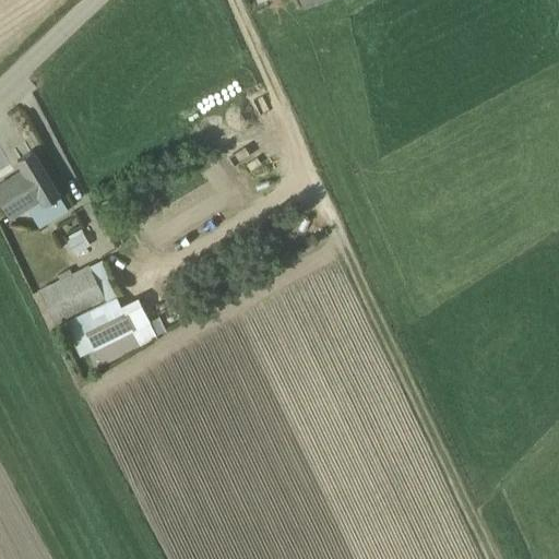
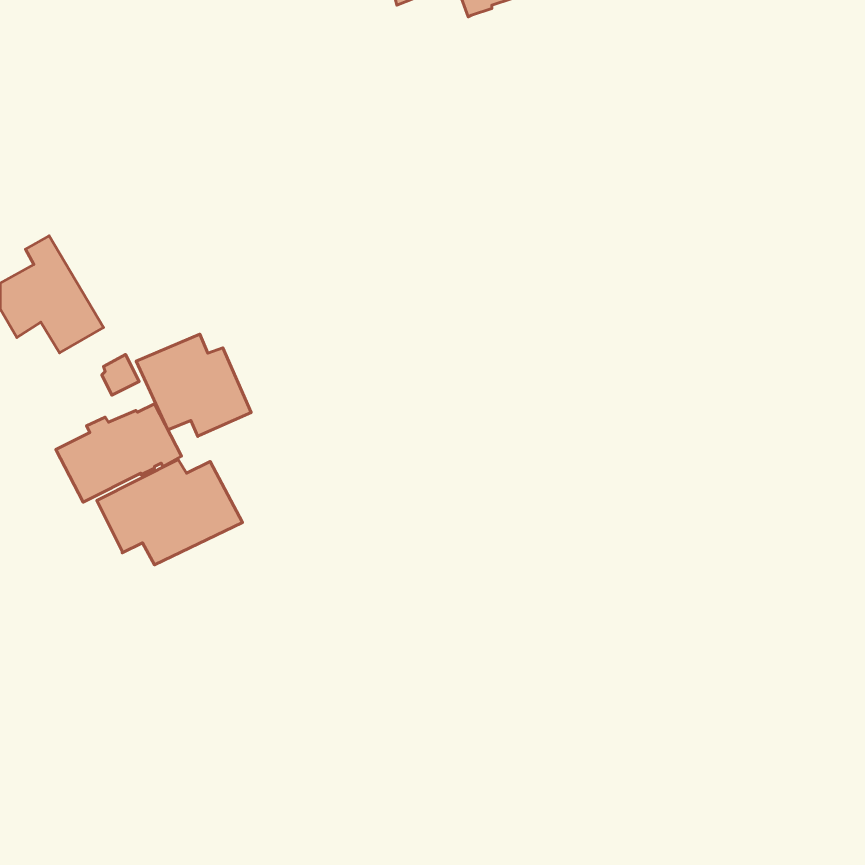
building: none -> [136,334,251,437]

